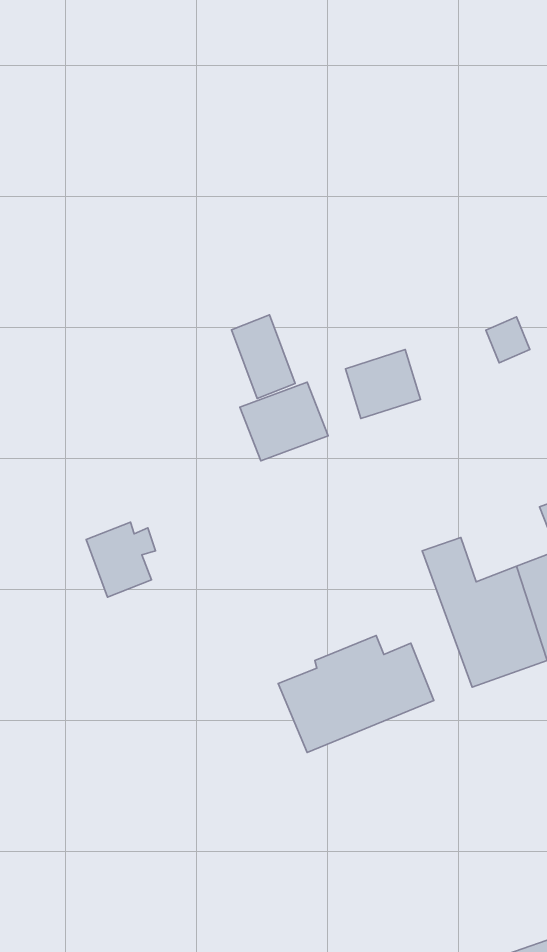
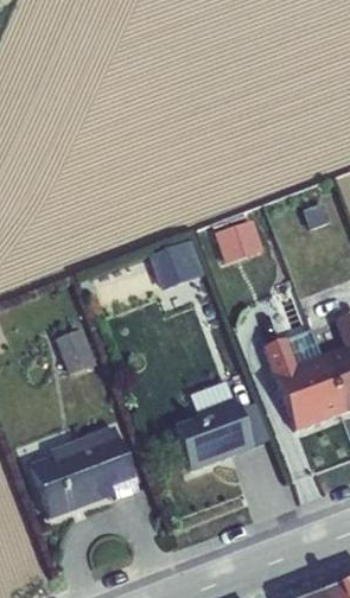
building: [232,315,295,399] -> none
building: none -> [28,424,140,517]

